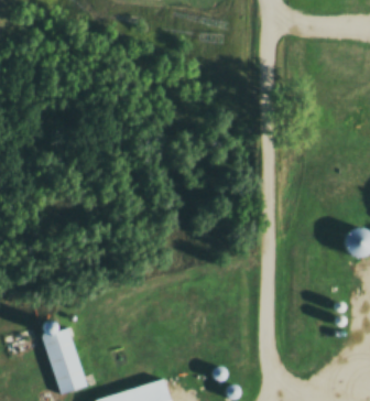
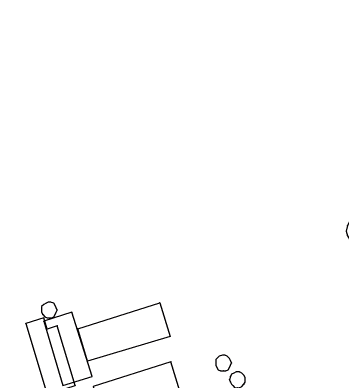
building: none -> [78,303,170,361]

